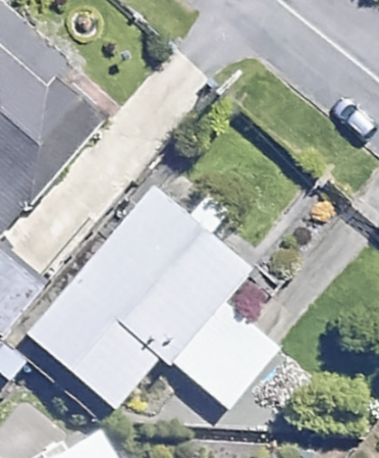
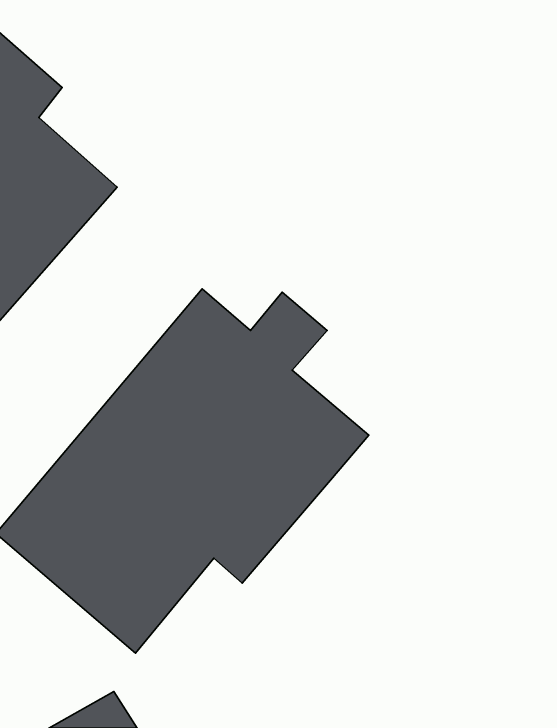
building: [177,302,283,409] -> none

